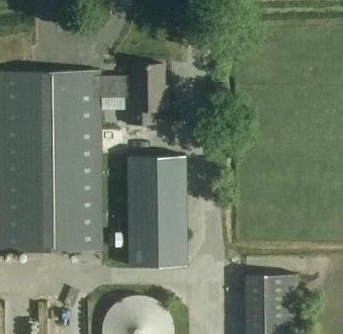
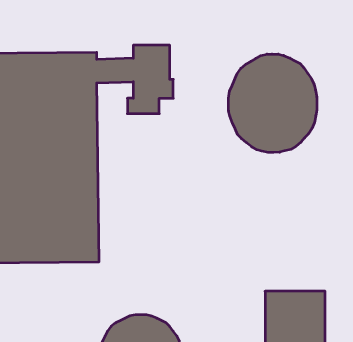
building: none -> [228,54,317,152]
building: [127,157,188,268] -> none

